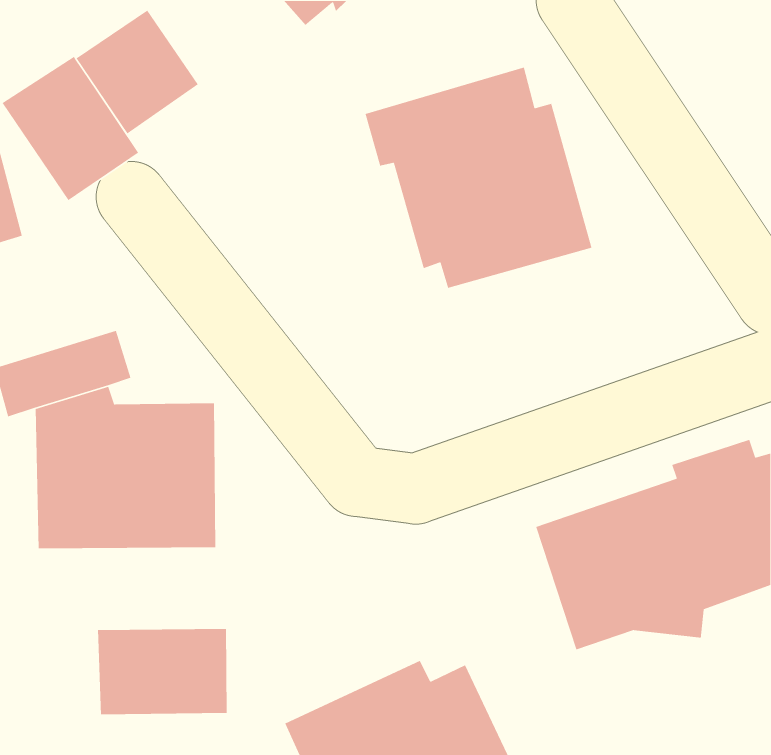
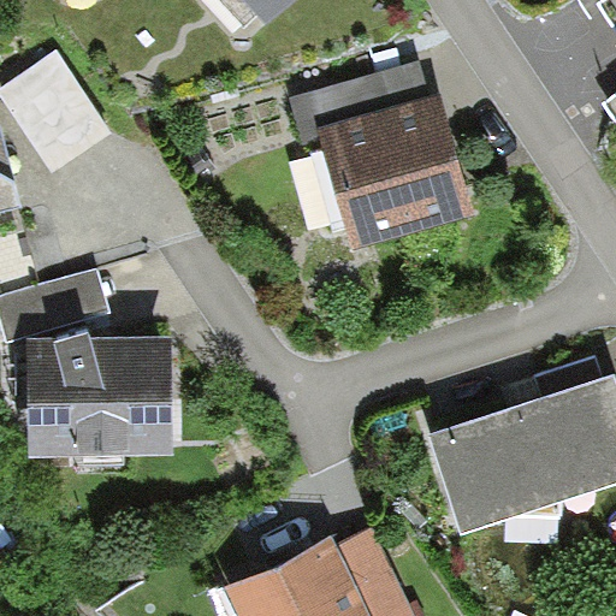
building: [75,9,199,135] -> none
building: [97,628,227,715] -> none

